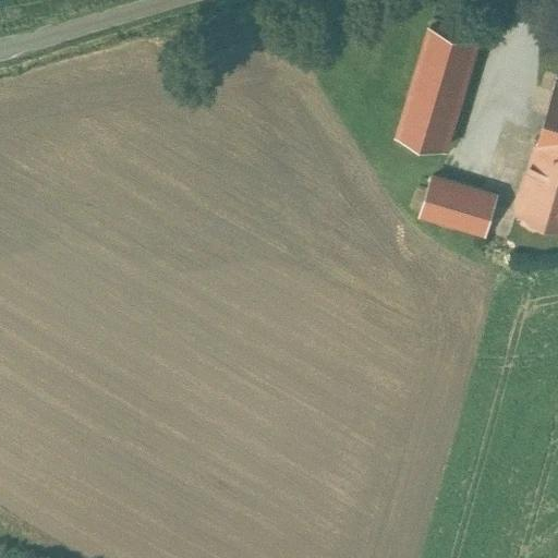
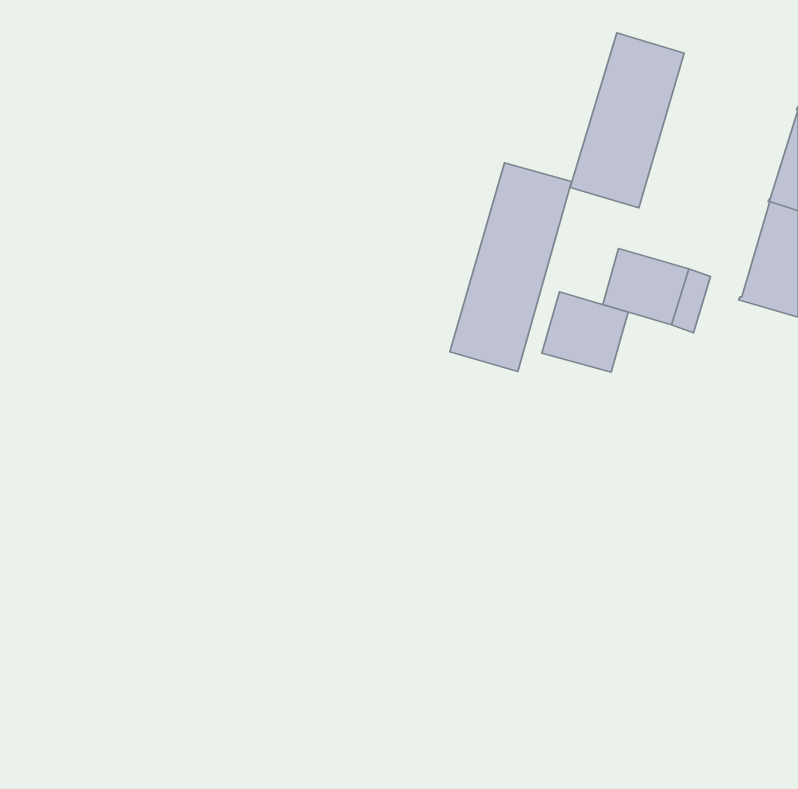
building: none -> [450,163,572,372]
building: none -> [542,292,628,372]

